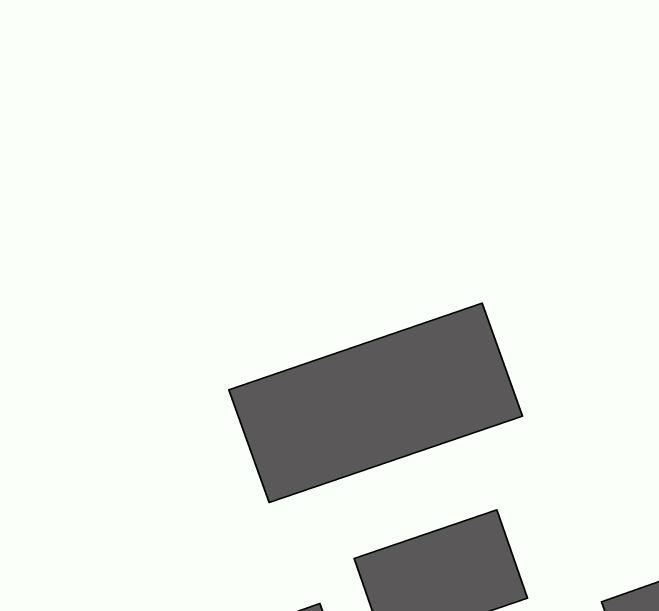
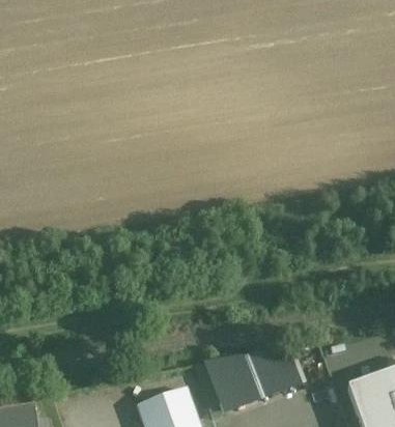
building: [229,303,522,503] -> none

